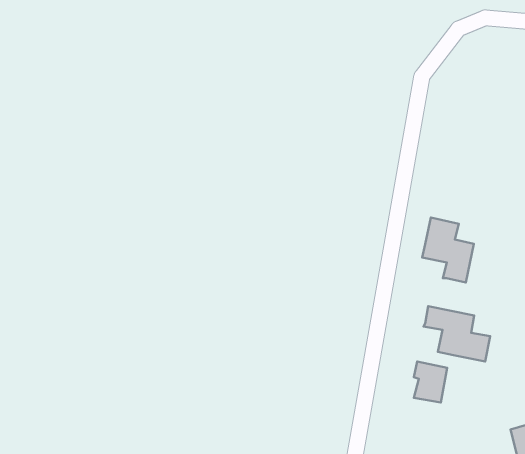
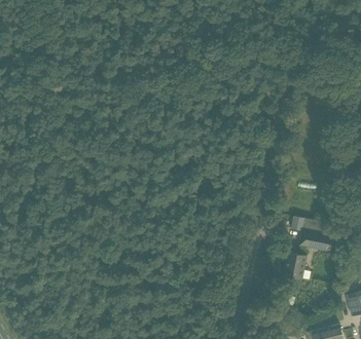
building: [422,218,474,282] -> none

